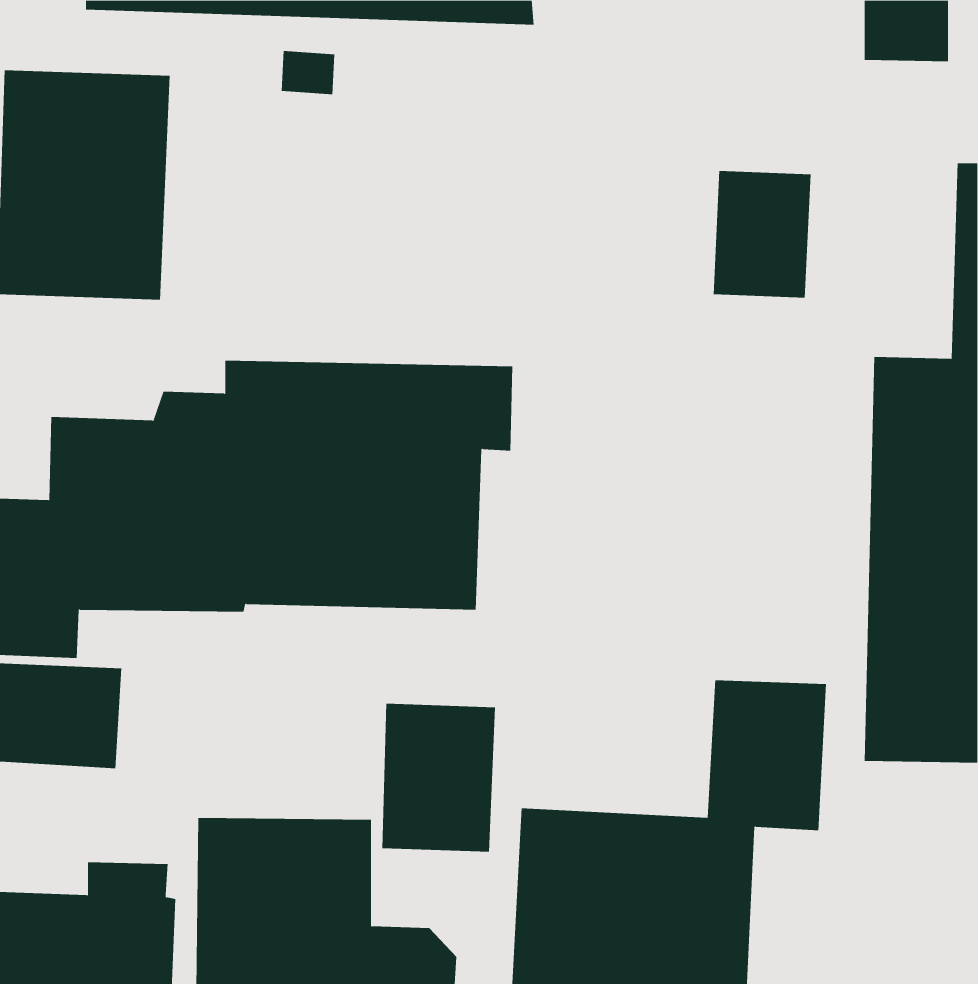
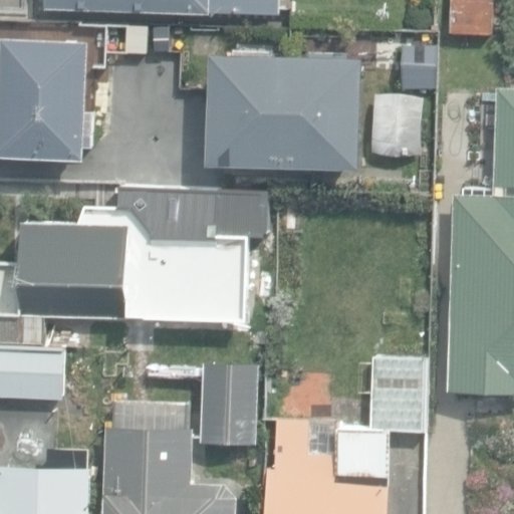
building: none -> [211,53,362,176]

